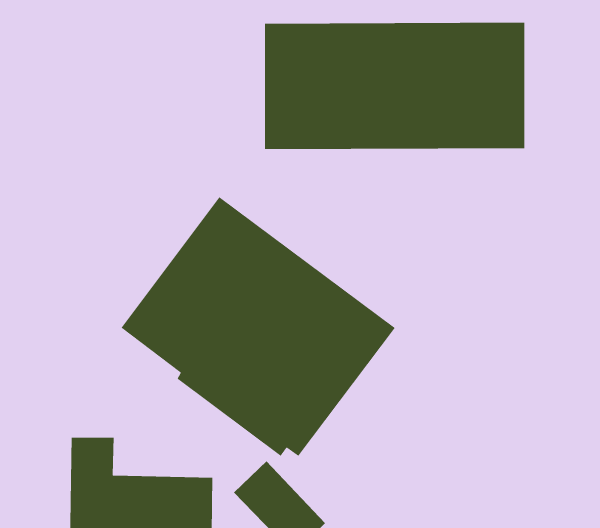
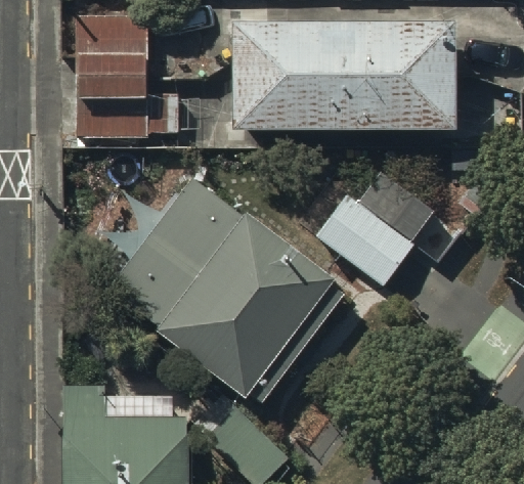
building: none -> [75,11,176,136]
building: none -> [315,168,458,283]

